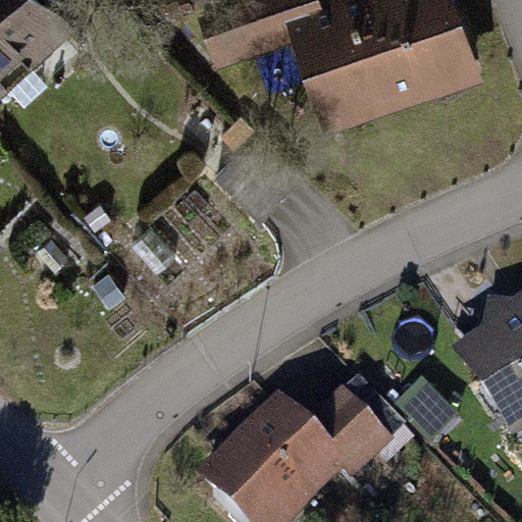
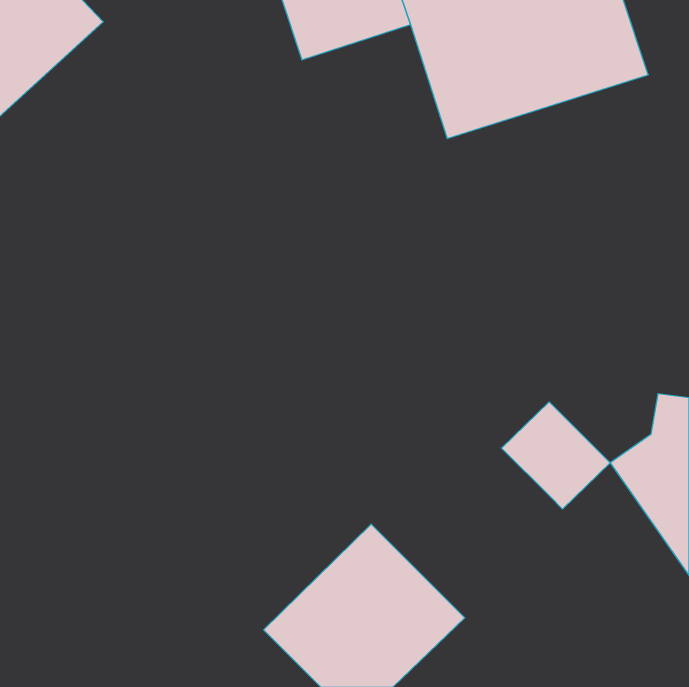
building: [312,393,394,473] -> [501,402,610,509]

